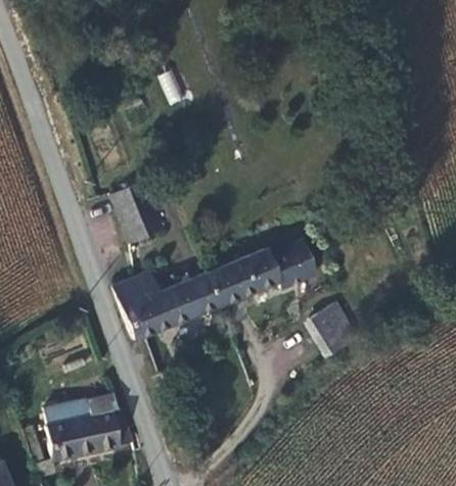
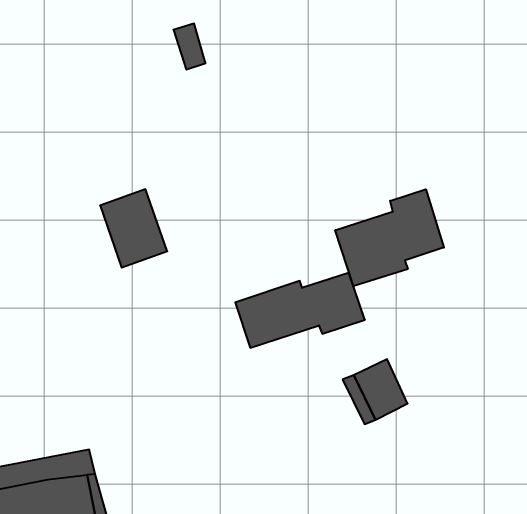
building: none -> [335,189,444,286]
building: [110,268,233,344] -> none

